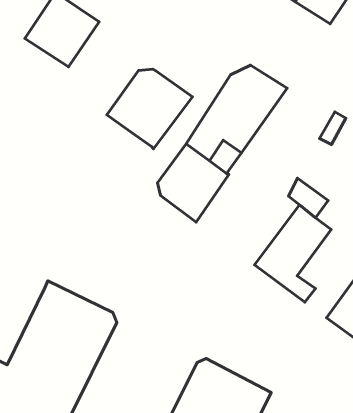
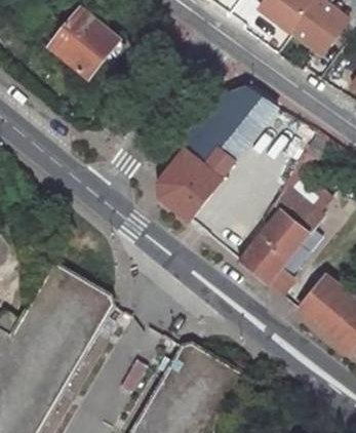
building: [107,69,193,149] -> none

